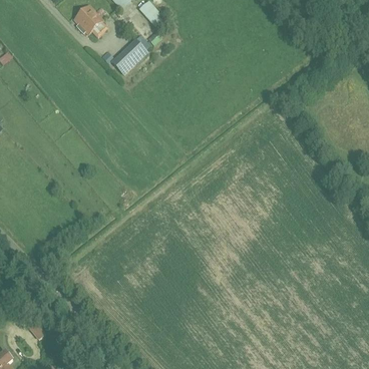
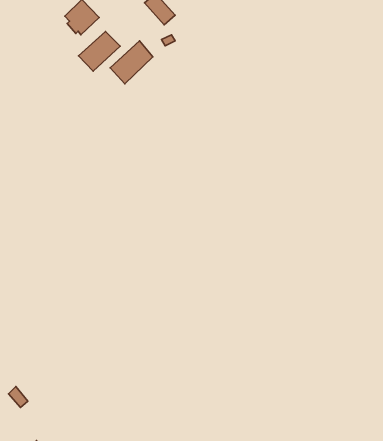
building: none -> [79,32,120,71]

